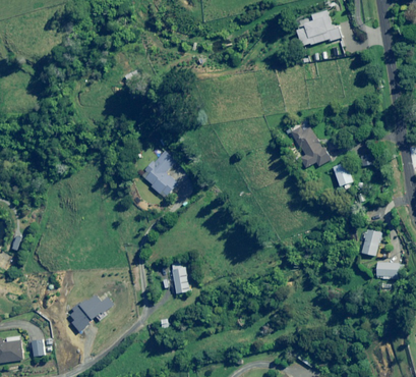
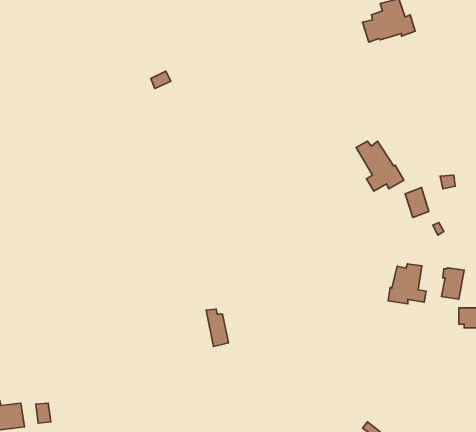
building: [141,150,176,198] -> none
building: none -> [388,264,426,304]
building: [69,293,113,332] -> none

